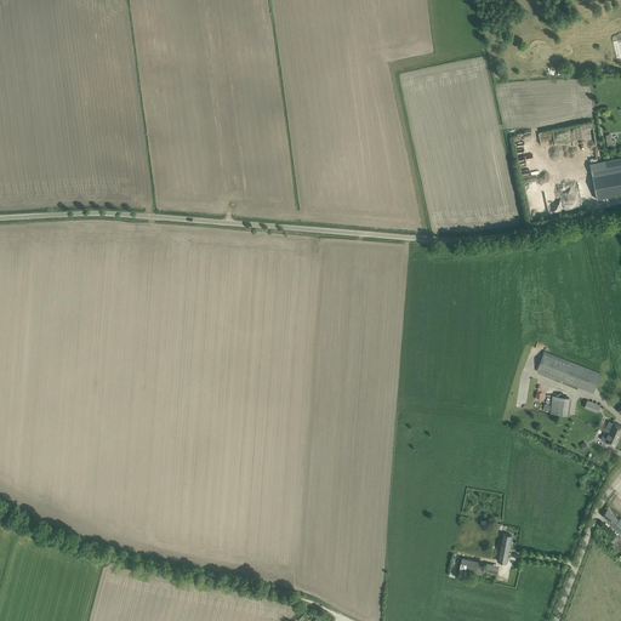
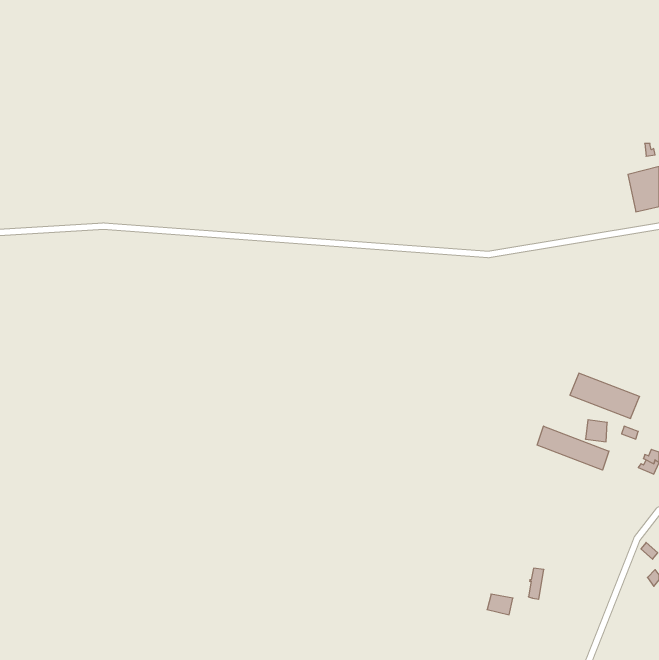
building: none -> [537,426,609,470]

